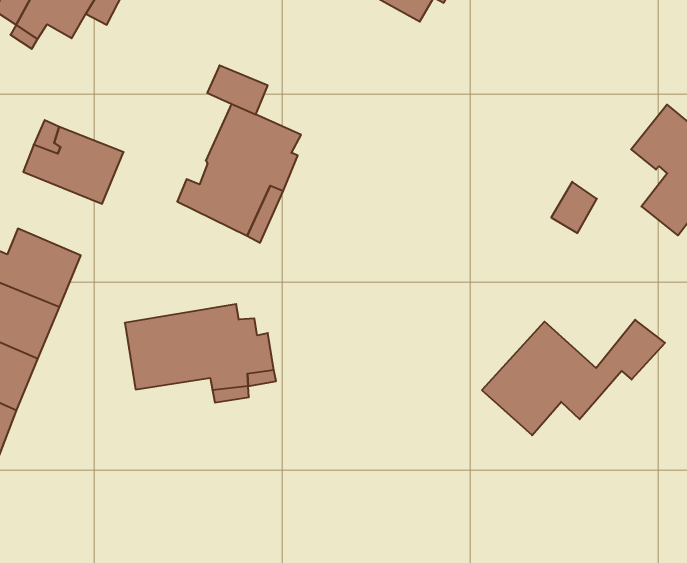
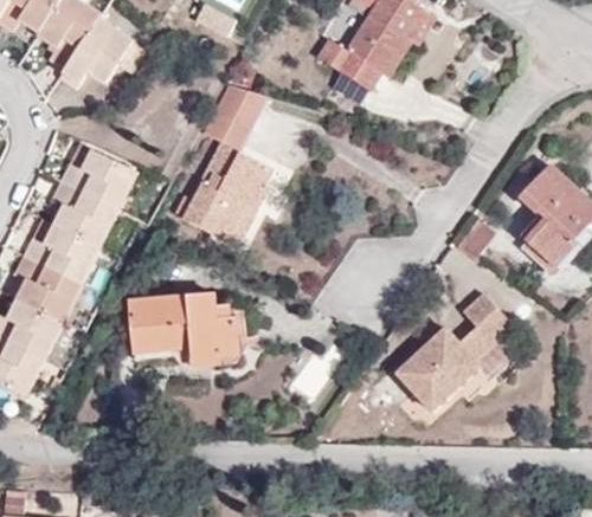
building: none -> [213,85,266,130]
building: none -> [50,182,117,248]
building: none -> [459,292,514,361]

